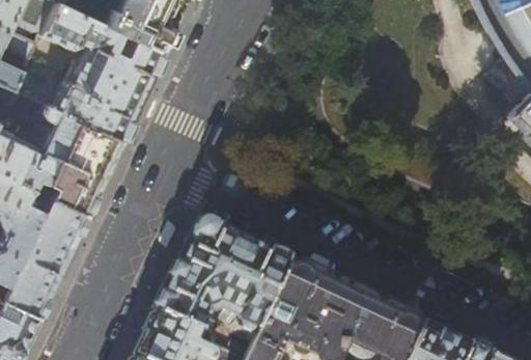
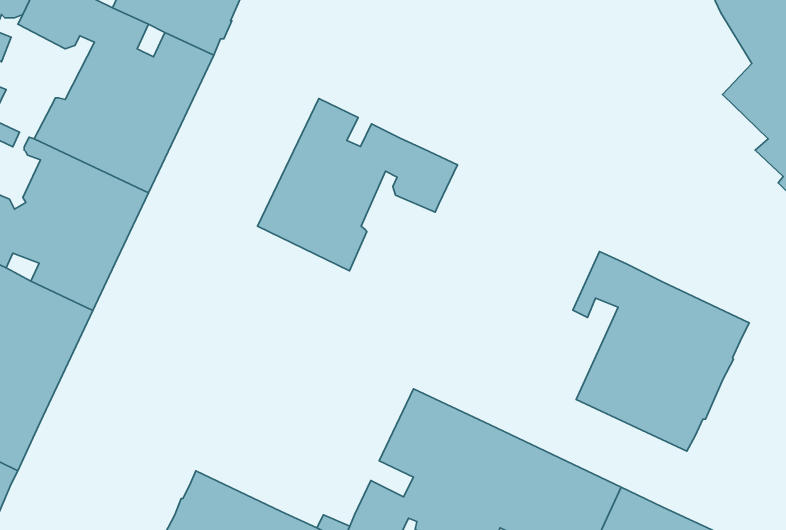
building: none -> [257,98,457,271]
building: none -> [573,251,749,451]
building: [151,221,289,339] -> none

